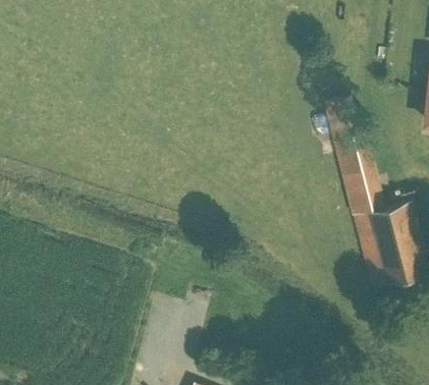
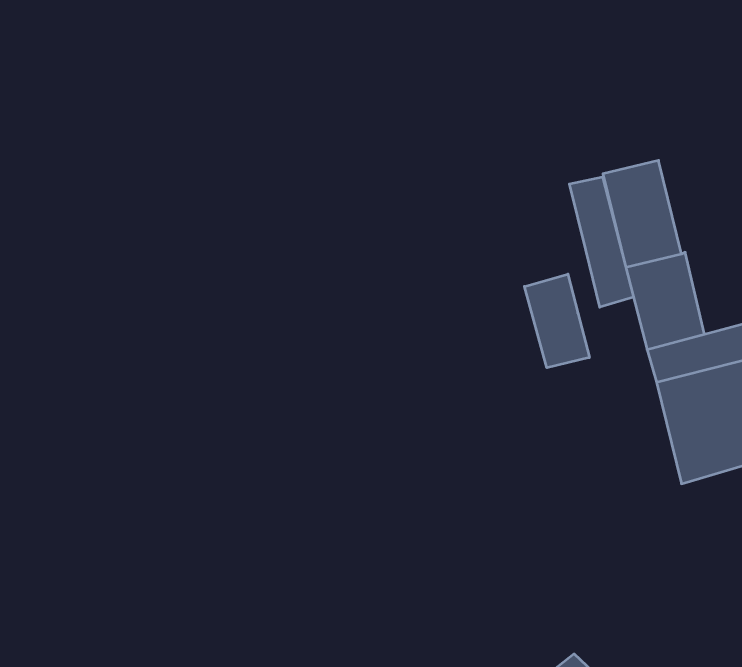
building: none -> [569,177,634,307]
building: none -> [524,274,589,368]

